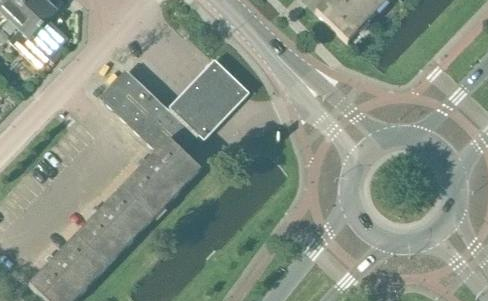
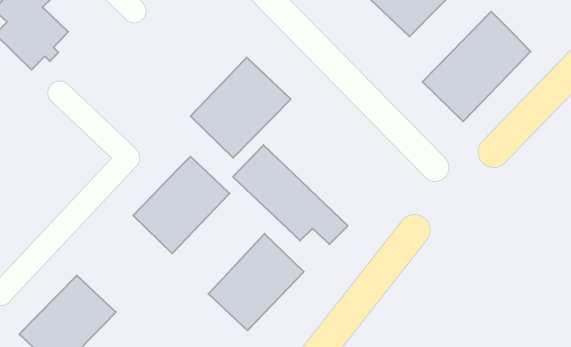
building: none -> [422,12,531,121]
building: [103,69,197,150] -> [233,145,348,244]
building: [75,185,153,264] -> [208,234,304,330]

